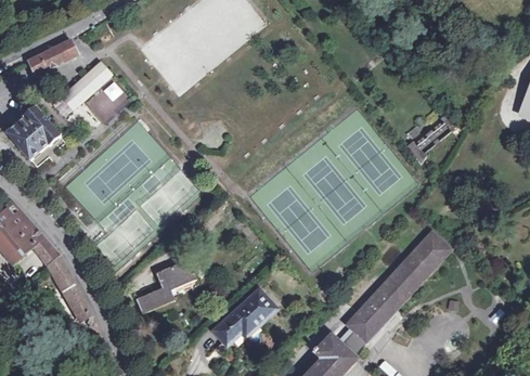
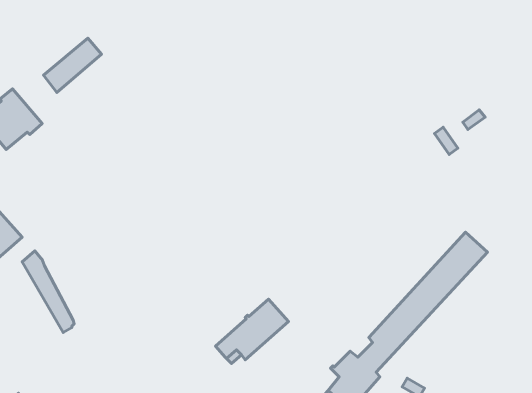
building: [27,40,77,76] -> none
building: [85,79,129,124] -> none
building: [134,260,195,314] -> none

